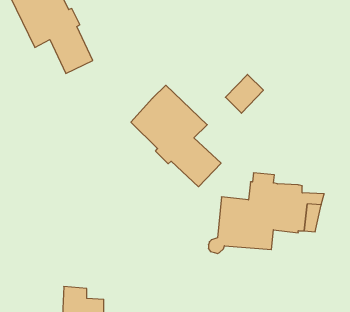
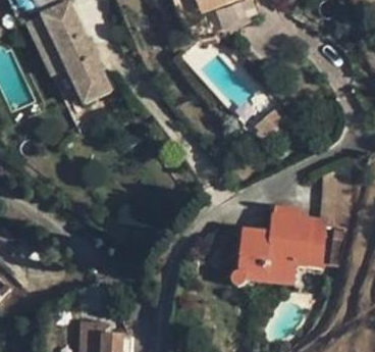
building: [131,85,221,187] -> none
building: none -> [321,159,351,225]

